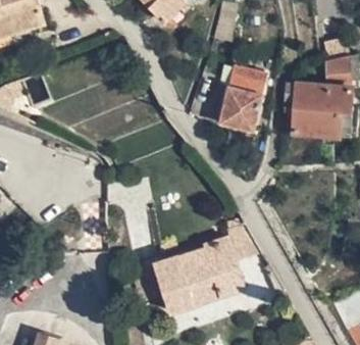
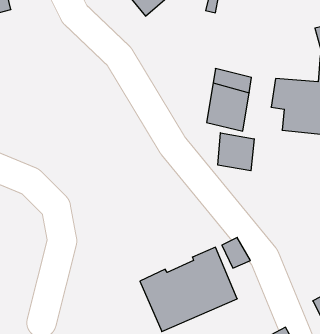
building: none -> [218,133,254,171]

